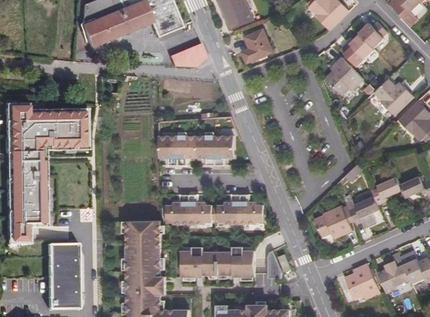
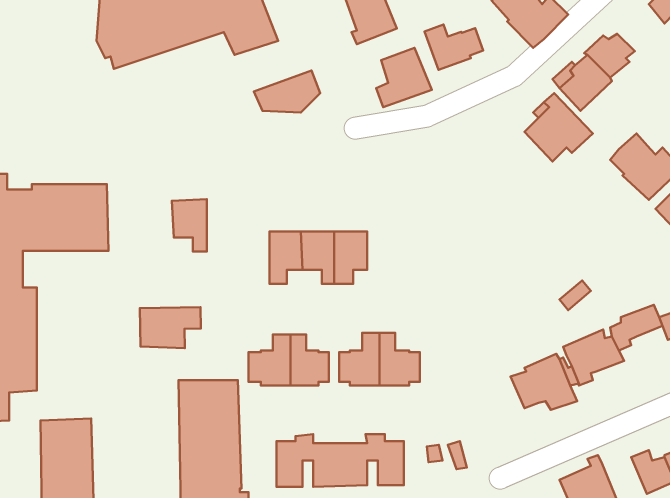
building: none -> [424,25,483,70]
building: [159,135,179,165] -> [172,199,207,252]
building: none -> [140,307,201,348]

